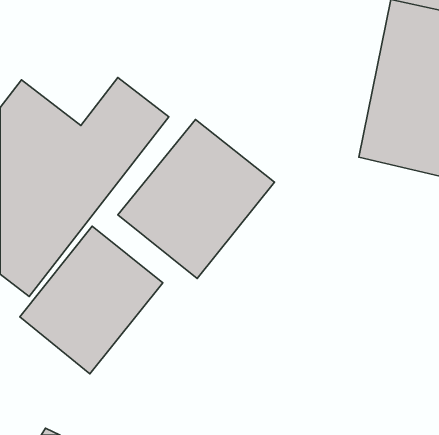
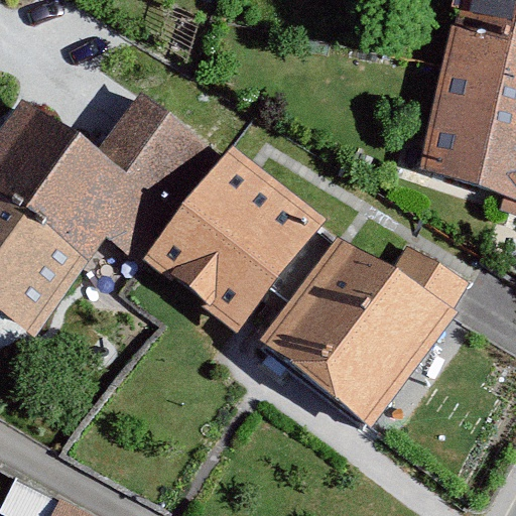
building: none -> [260,232,456,427]
building: [20,226,163,374] -> none

